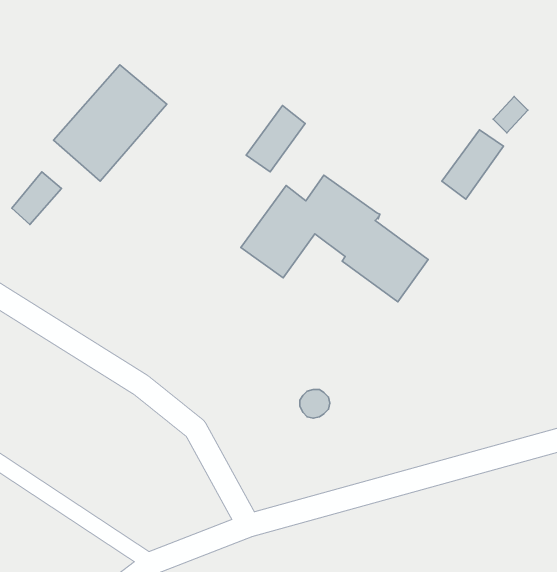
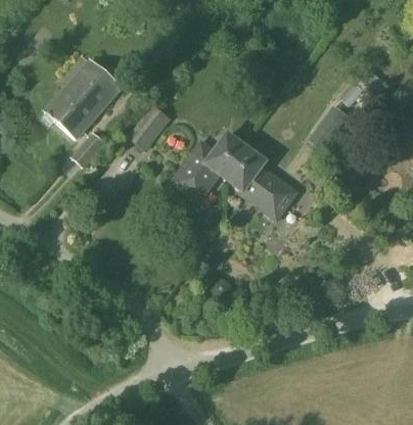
building: [246,105,305,172] -> [128,104,168,149]
building: [12,172,62,225] -> [72,132,105,168]

